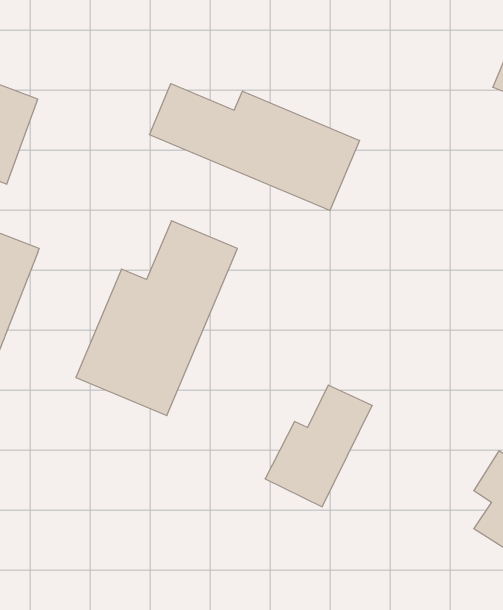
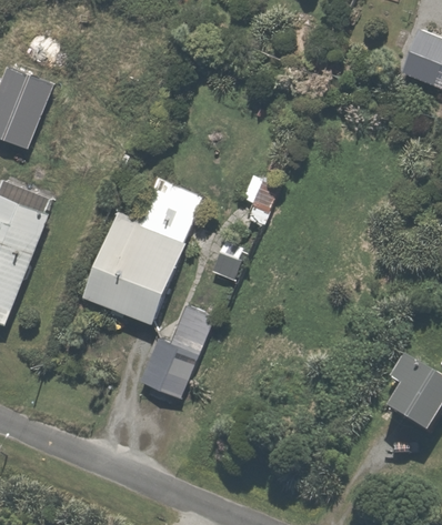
building: [149,84,360,211] -> none
building: [265,385,372,507] -> [135,306,217,398]

